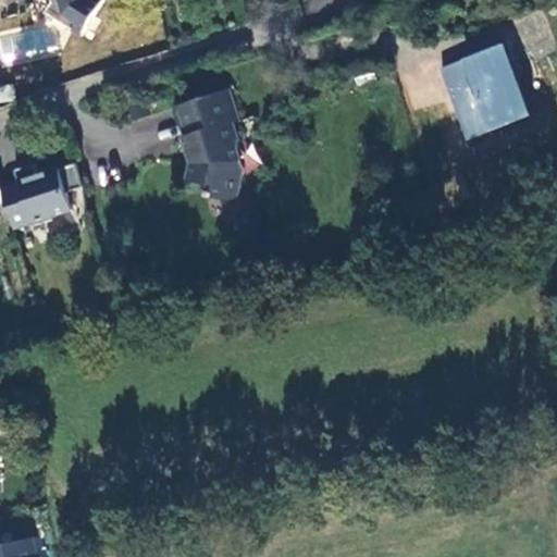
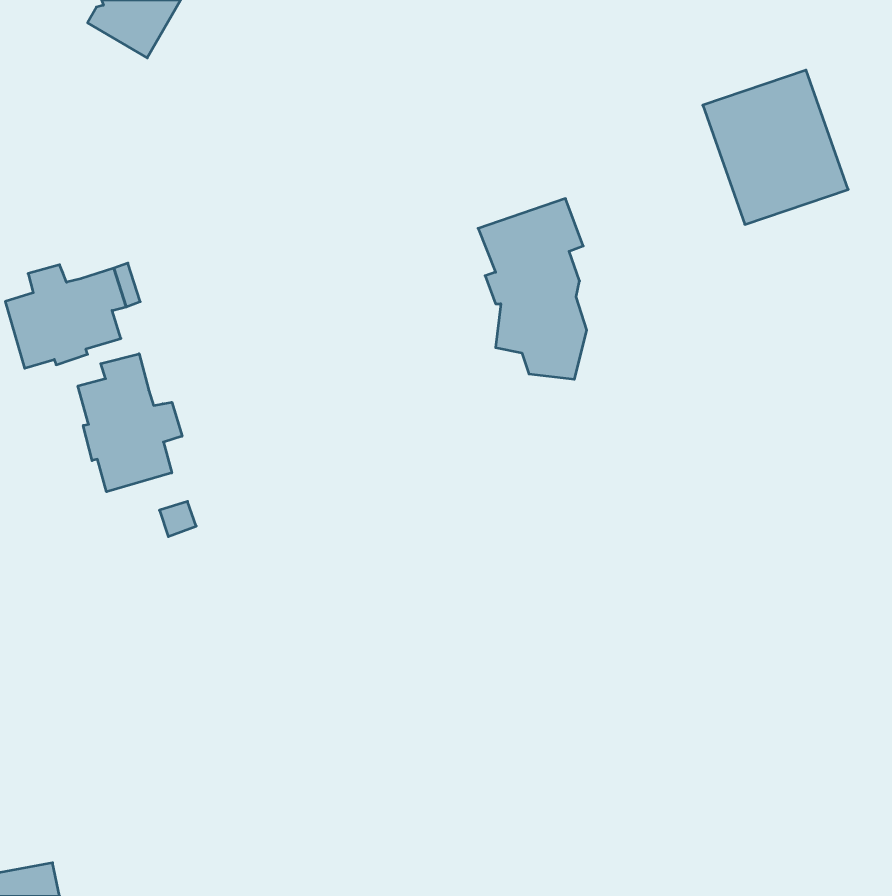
building: [174,87,242,199] -> [478,199,587,379]
building: none -> [78,354,182,492]

